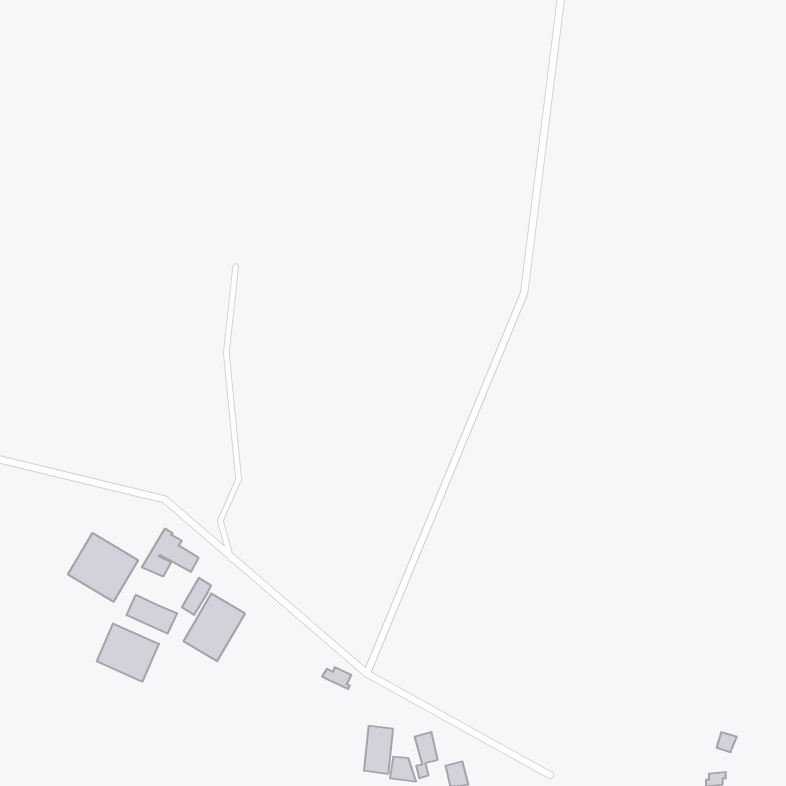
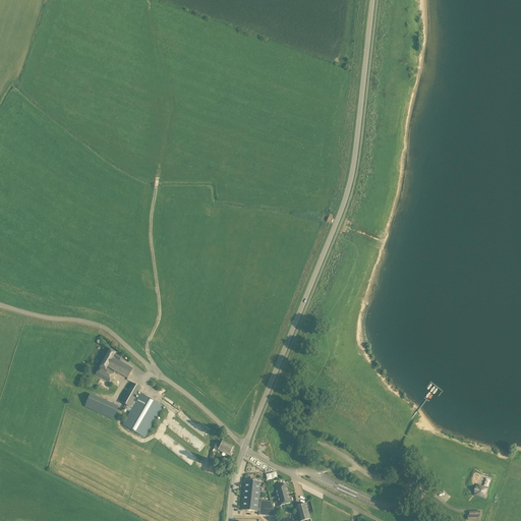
building: [68,533,138,602] -> none
building: [97,623,159,682] -> none

